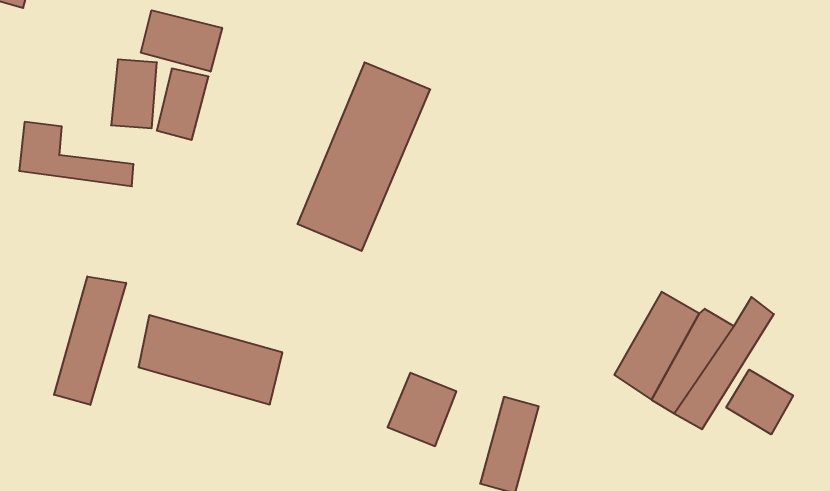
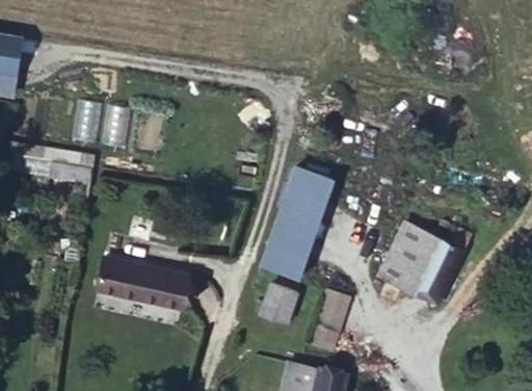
building: [141,10,222,72] -> none
building: [297,62,430,251] -> [259,163,334,279]
building: [54,276,126,405] -> none
building: [726,370,793,434] -> none

